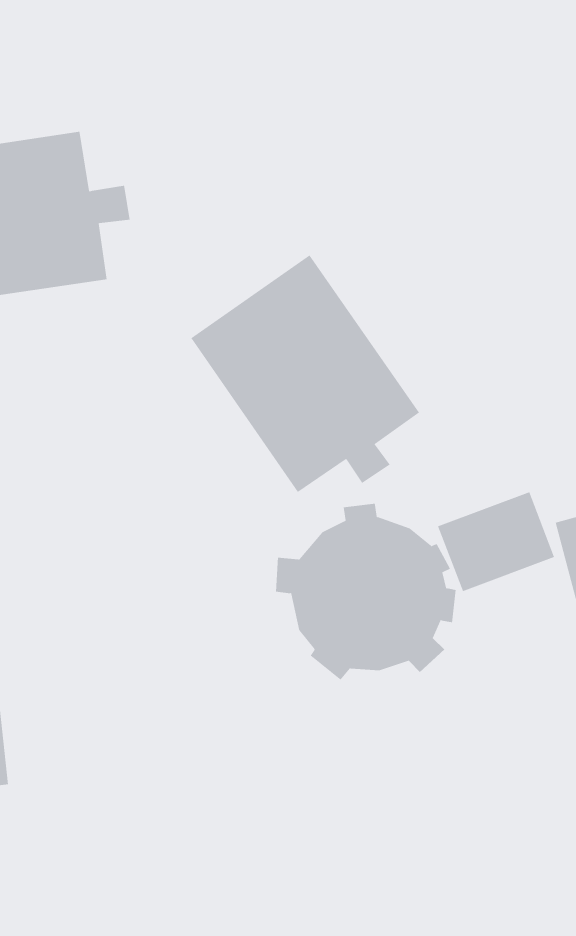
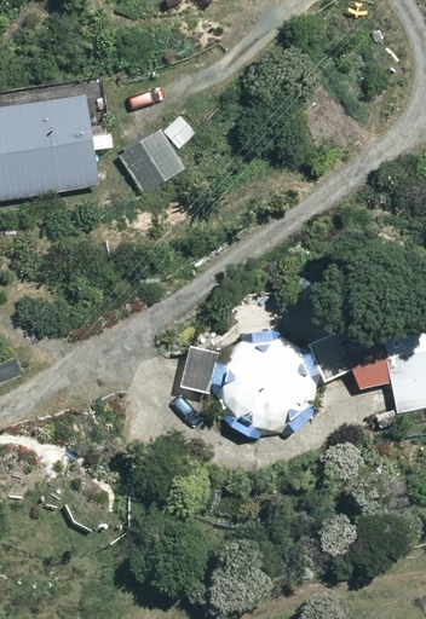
building: none -> [121,129,188,197]
building: [191,254,420,493] -> none

